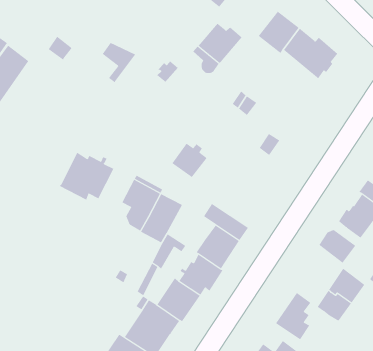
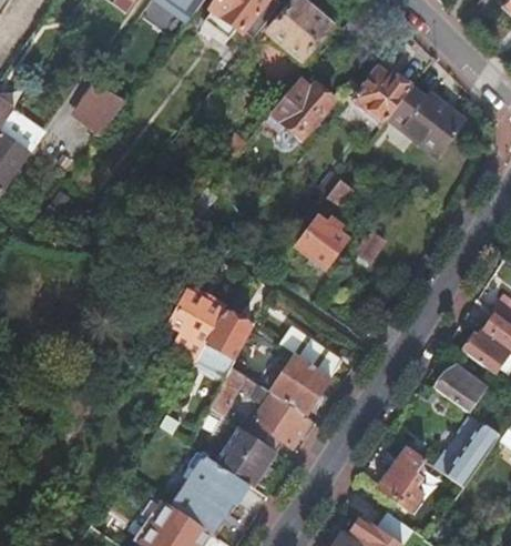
building: [102,42,136,83] -> [81,82,127,138]
building: [172,143,208,178] -> [296,218,345,265]
building: [59,152,114,200] -> none

